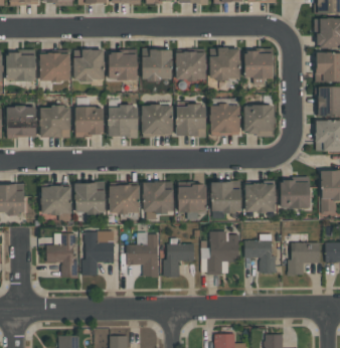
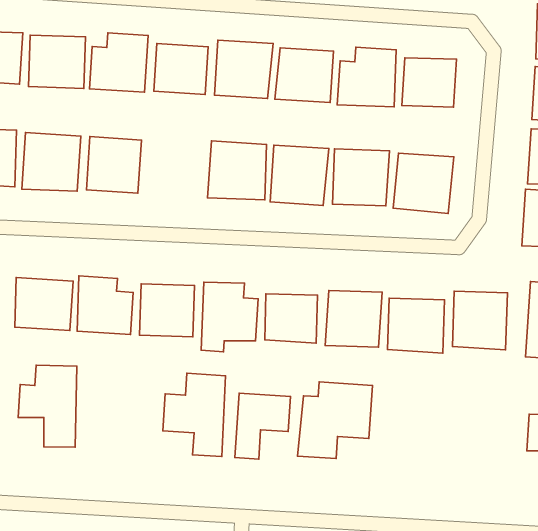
building: [108,106,138,137] -> none
building: [83,230,114,276] -> none
building: [244,233,276,273] -> none
building: [287,242,320,275] -> none

